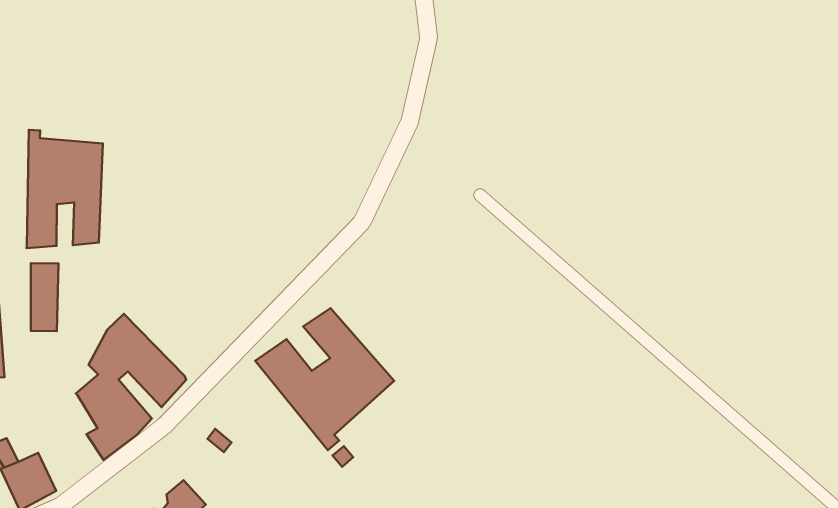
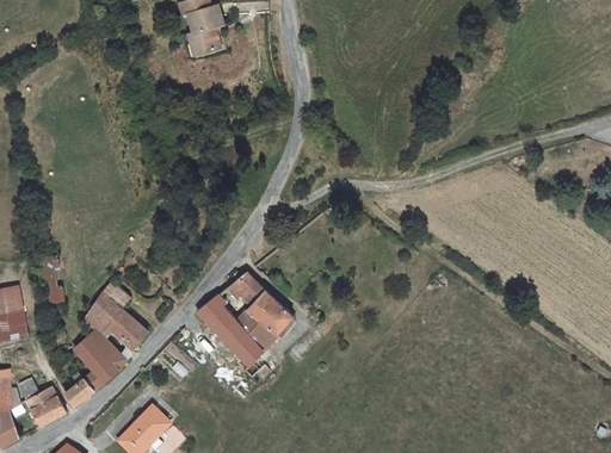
building: [27,130,103,248] -> none
building: none -> [64,373,97,407]

